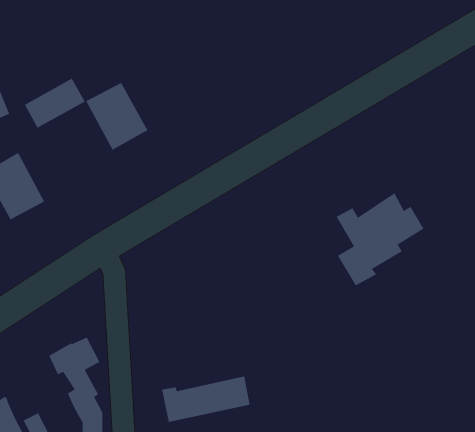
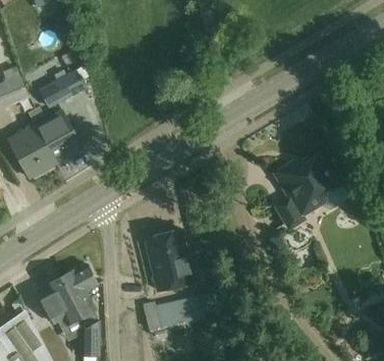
building: [85,82,149,151] -> [35,111,83,163]
building: none -> [145,229,193,291]
building: none -> [36,279,76,327]

